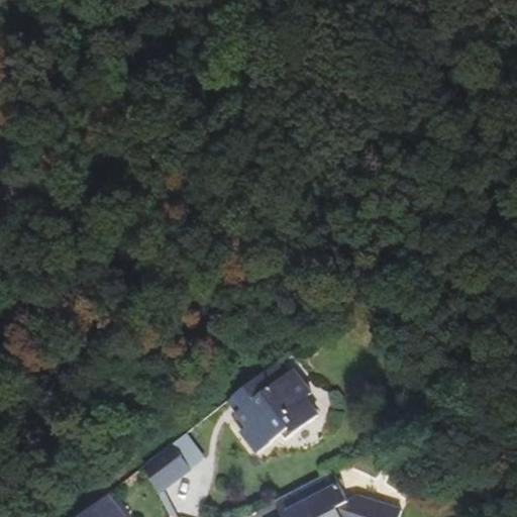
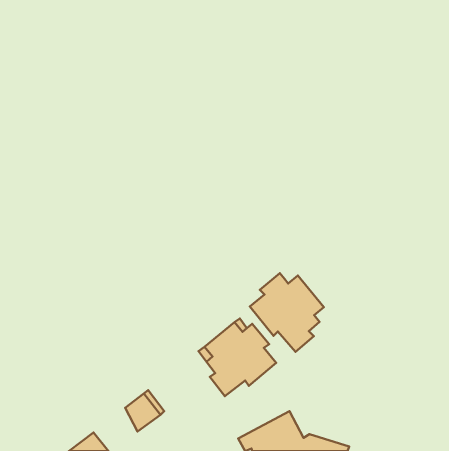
building: none -> [250,273,324,352]

